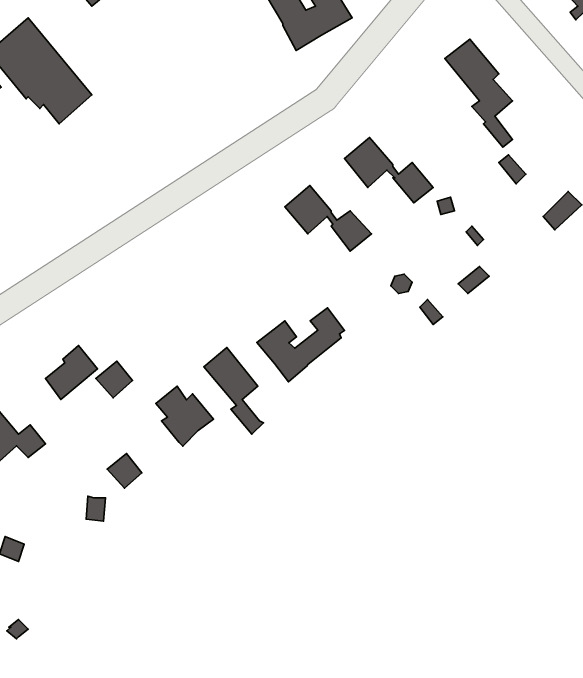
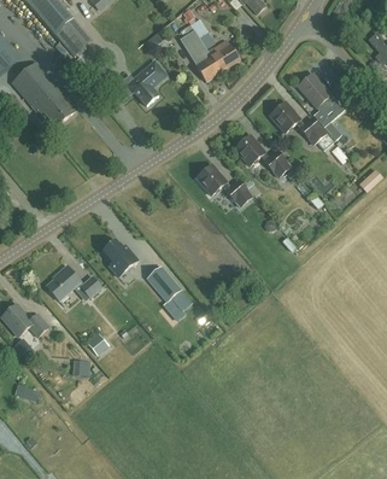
building: none -> [131,60,165,105]
building: none -> [269,100,332,148]
building: [257,308,344,382] -> none
building: [156,386,214,446] -> [101,239,137,276]

